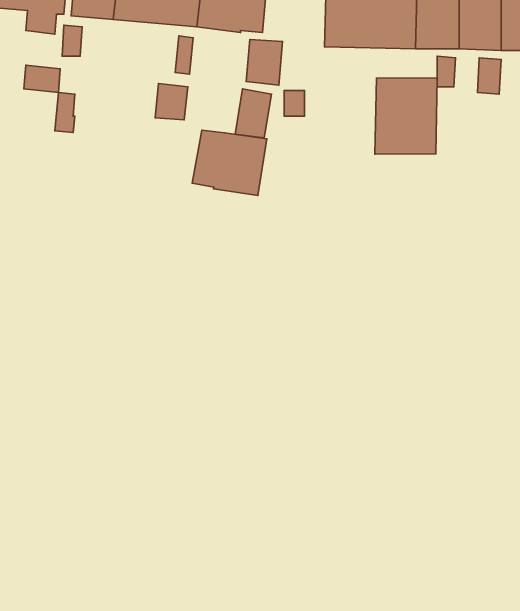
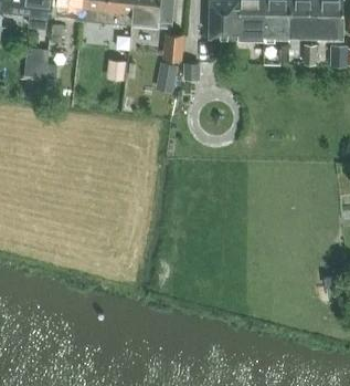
building: [375,78,437,154] -> none
building: [192,130,267,195] -> none

